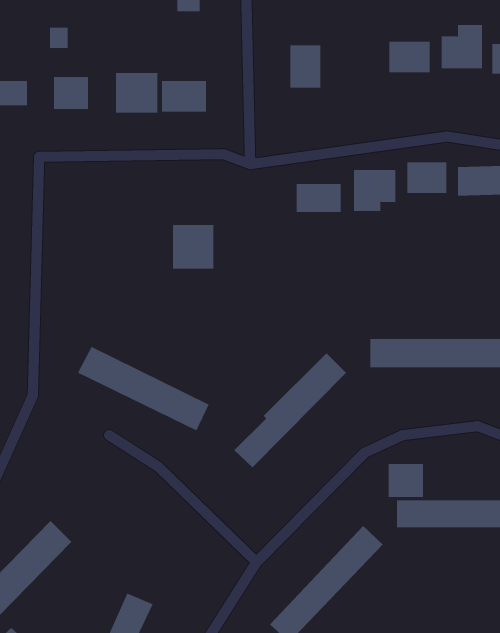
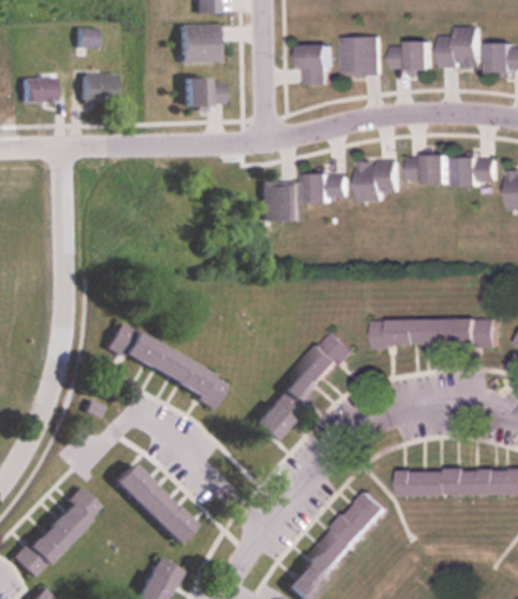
building: none -> [344,37,382,75]
building: [115,73,158,113] -> [177,25,218,63]
building: [172,225,214,269] -> [260,180,299,221]
building: [388,463,423,498] -> none
building: none -> [110,463,190,543]

